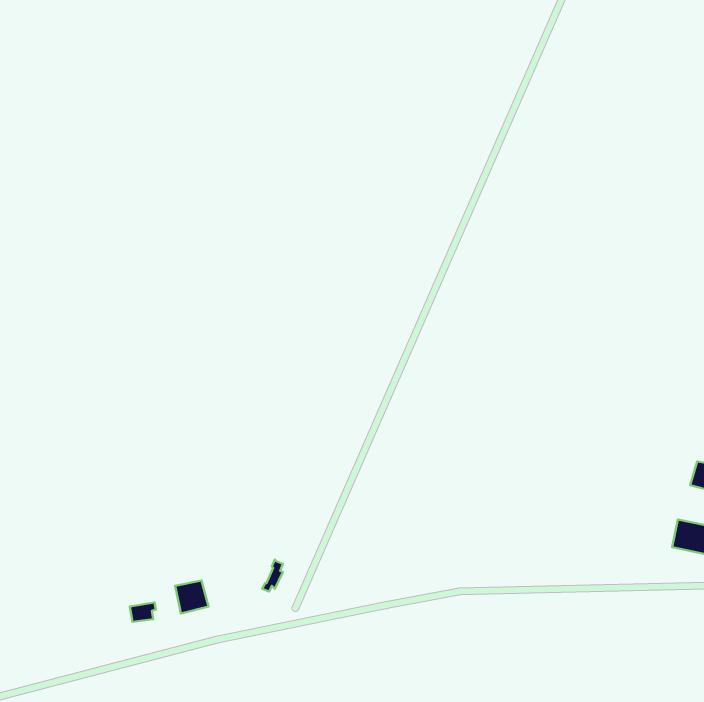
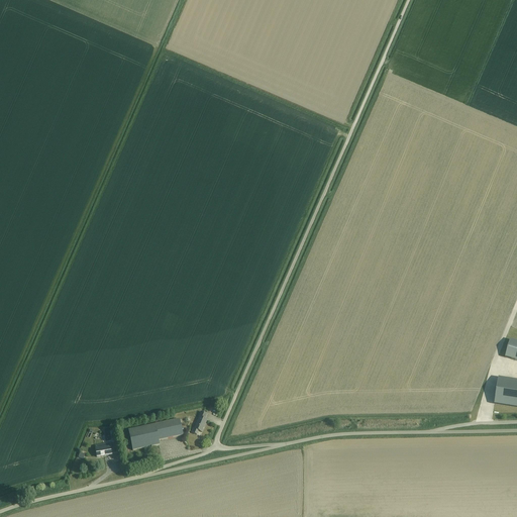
building: none -> [148,417,185,443]

